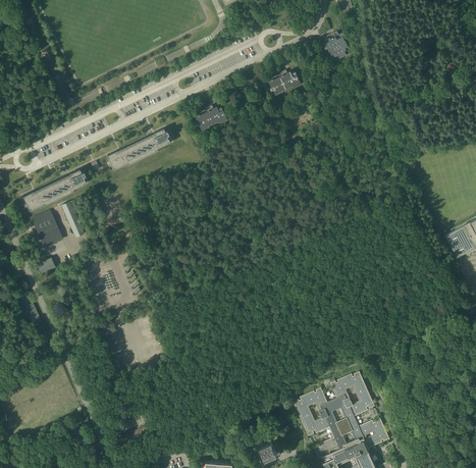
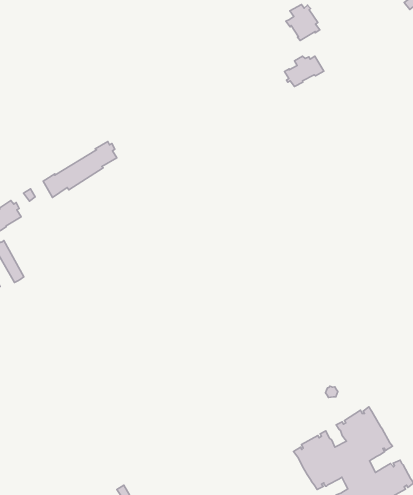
building: [269,70,302,95] -> [284,56,324,87]
building: [195,105,228,131] -> none

